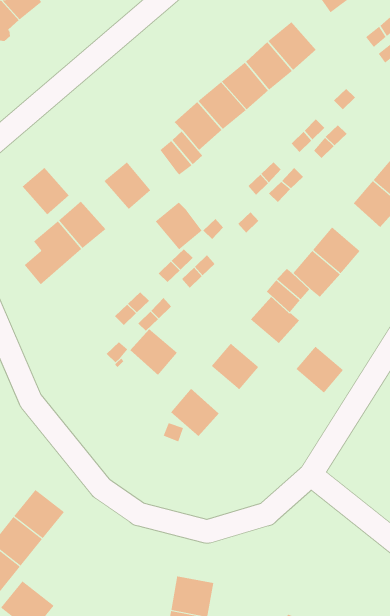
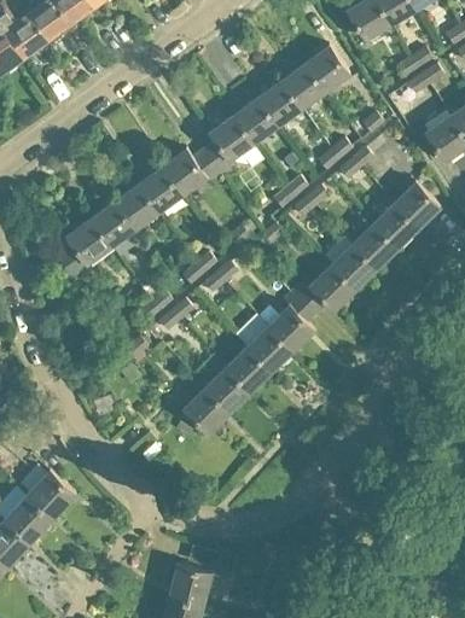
building: [22,167,70,215] -> [115,182,159,228]
building: [155,202,203,250] -> [162,148,207,194]
building: none -> [351,222,397,268]
building: [129,328,178,376] -> [205,366,251,412]
building: [295,346,344,393] -> [246,325,292,371]

